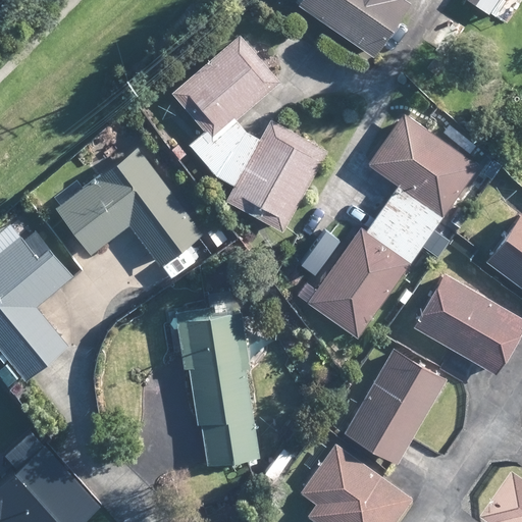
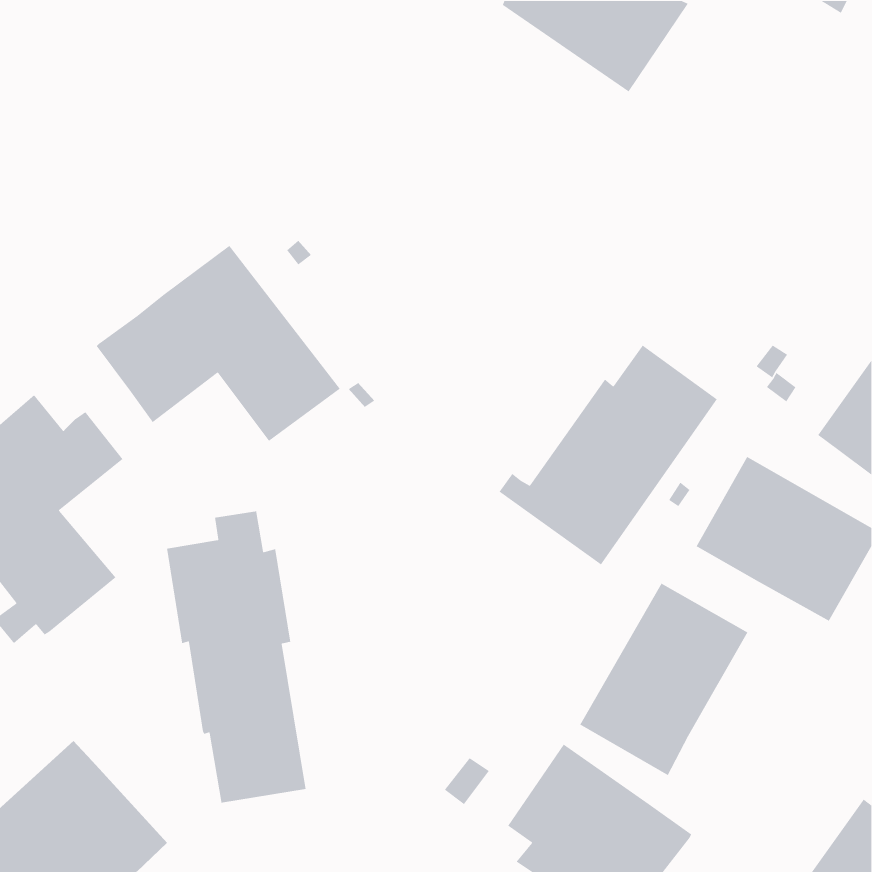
building: [172,35,327,232] -> none
building: [368,113,478,240] -> none
building: [175,291,259,465] -> [166,510,307,803]

